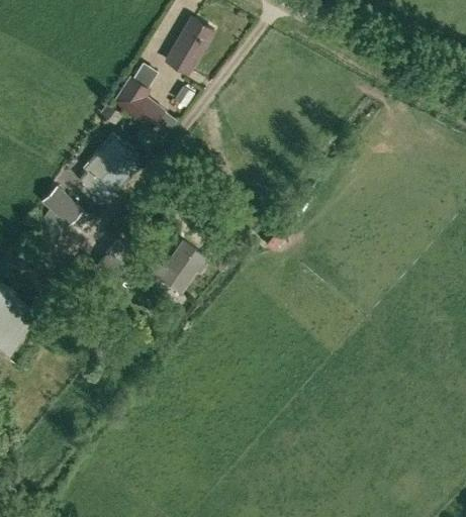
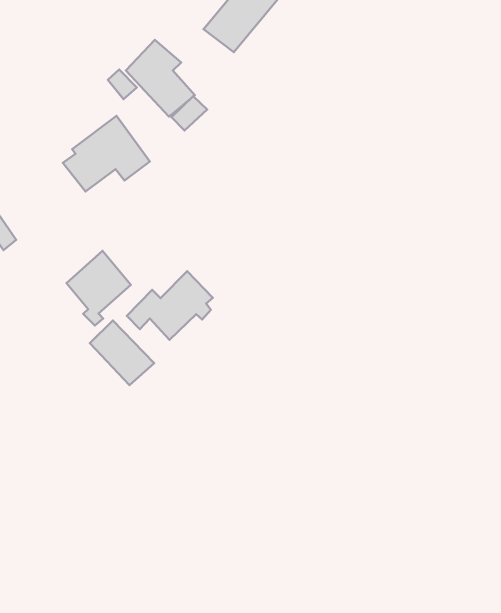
building: [40,185,83,226] -> none
building: none -> [90,321,154,385]

